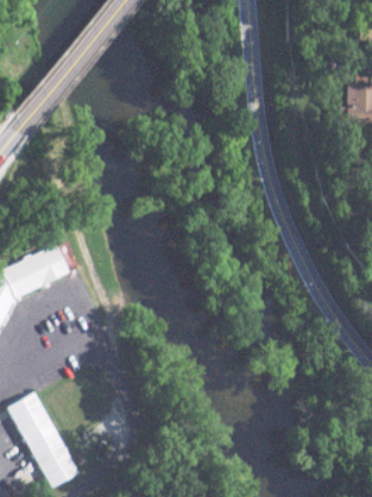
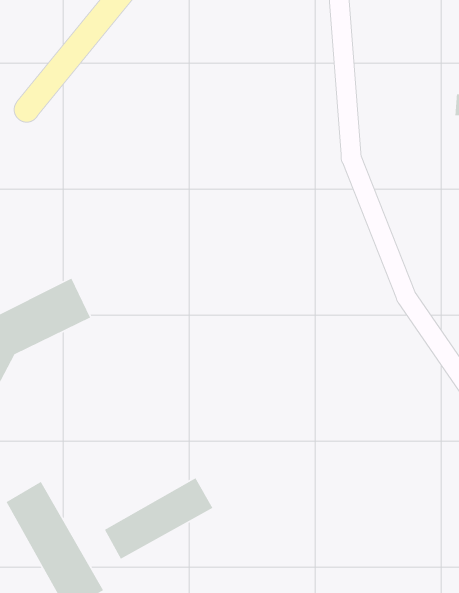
building: none -> [104,477,213,560]

